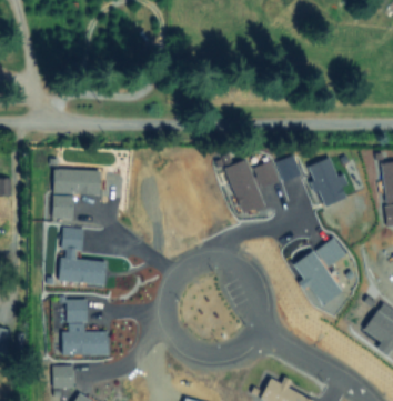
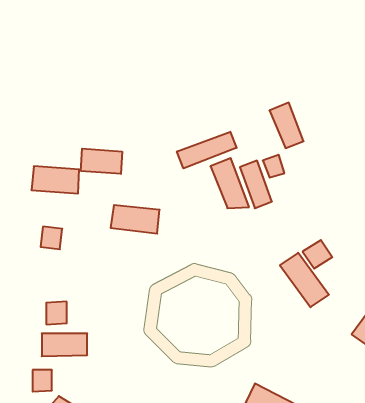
building: none -> [177,132,237,168]
building: none -> [81,149,122,174]
building: [311,159,344,203] -> [269,103,304,148]
building: [52,196,73,218] -> none
building: [59,258,107,285] -> [111,205,160,234]

